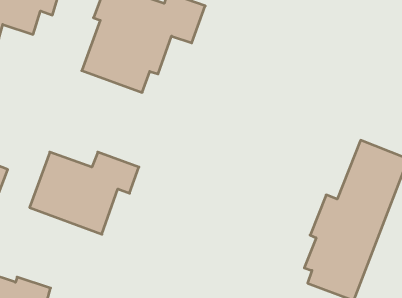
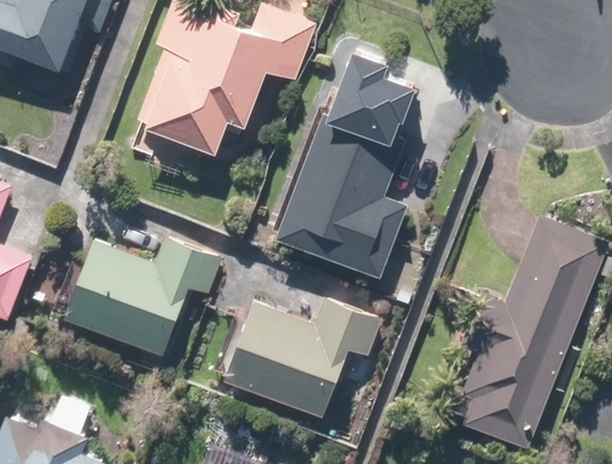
building: none -> [276,58,409,278]
building: none -> [222,297,381,417]

